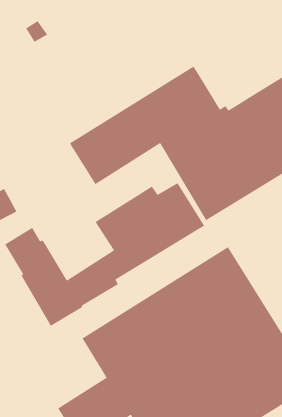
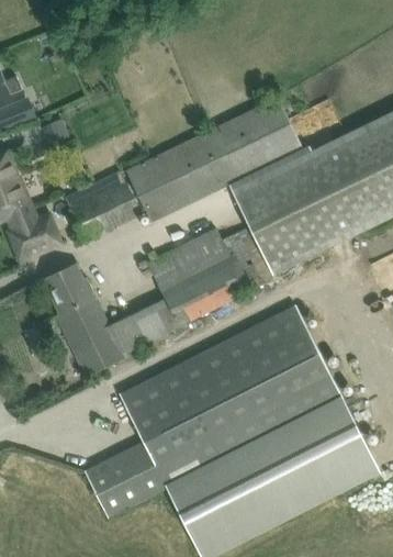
building: none -> [64,181,141,239]

